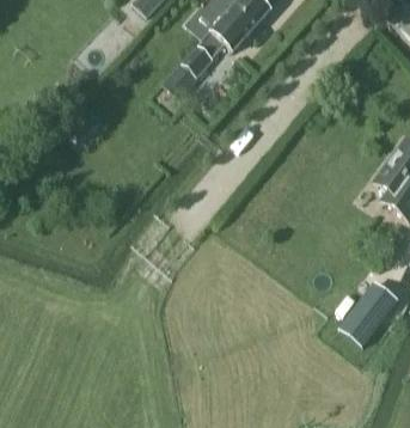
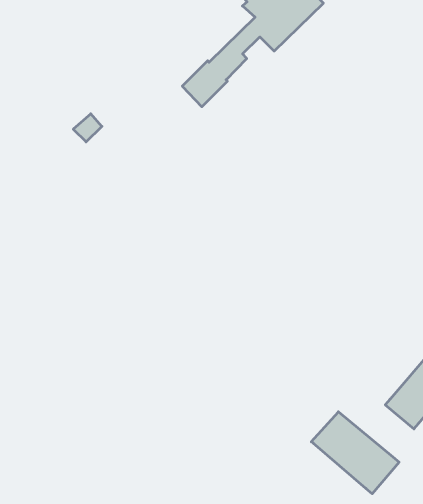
building: none -> [311,412,399,494]

